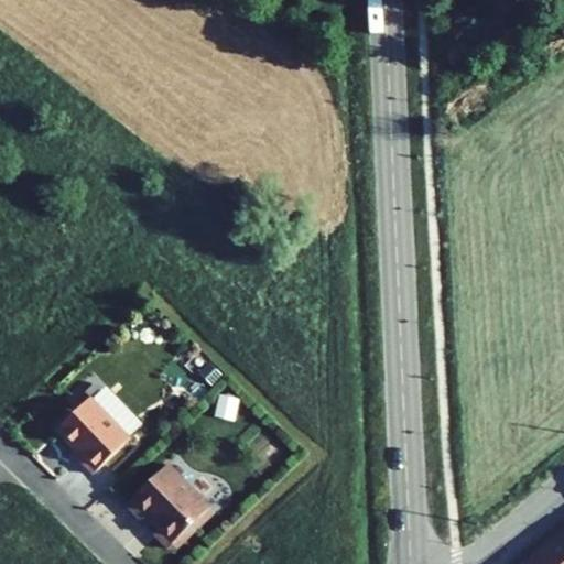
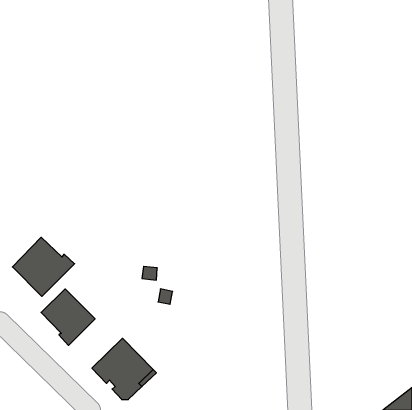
building: none -> [12,237,75,296]

